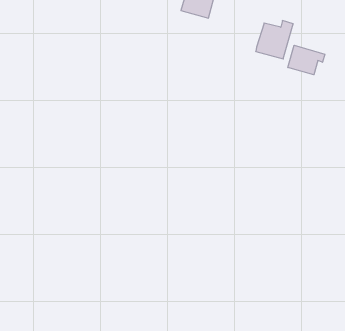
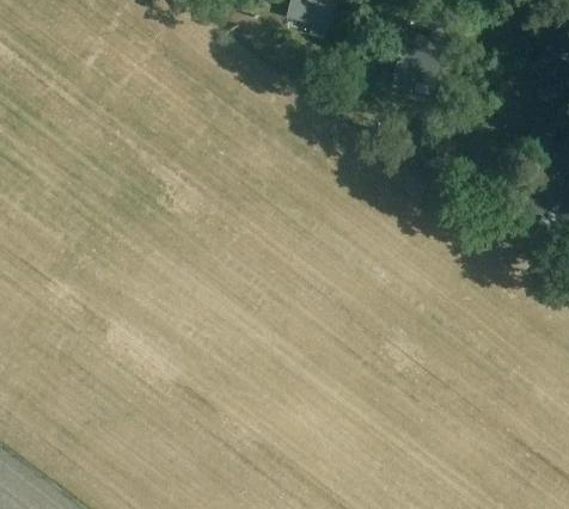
building: [288,45,325,75] -> none

